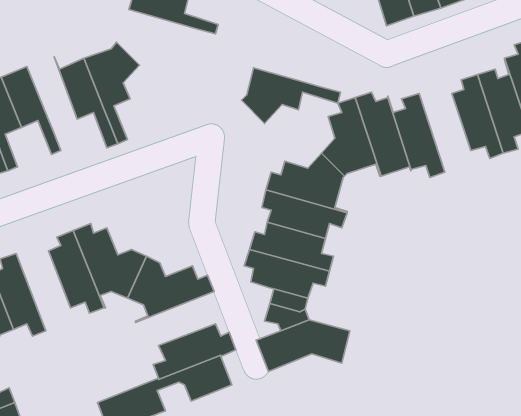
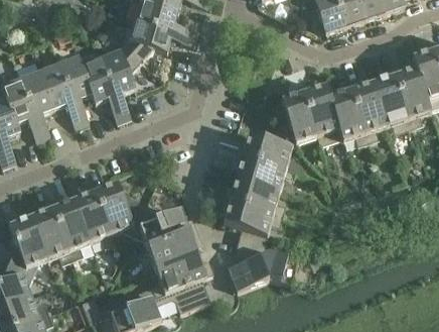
building: none -> [57,56,95,125]
building: [241,68,340,123] -> [124,20,197,62]
building: none -> [348,79,387,141]
building: none -> [49,197,90,259]
building: none -> [138,230,200,270]

